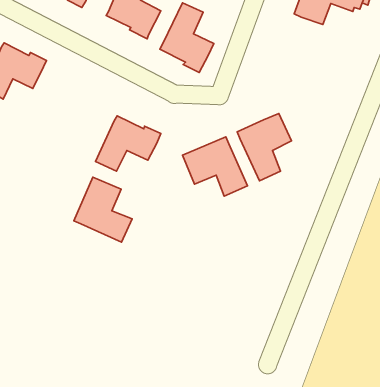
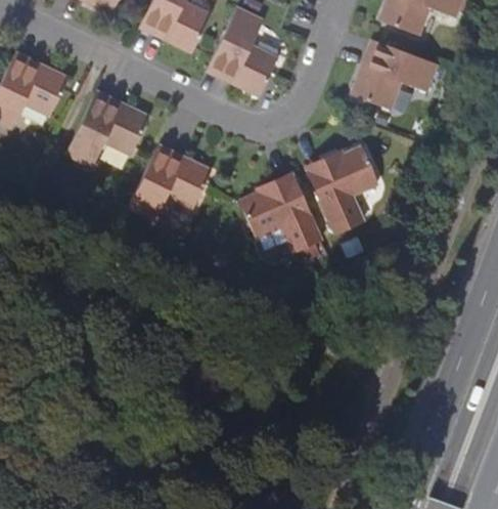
building: none -> [353,42,438,108]
building: none -> [64,97,145,169]
building: [74,177,132,242] -> none

